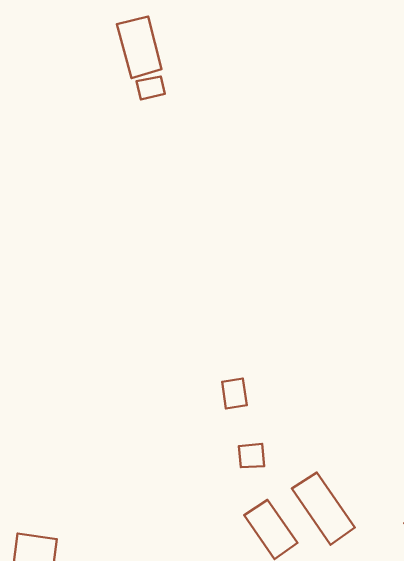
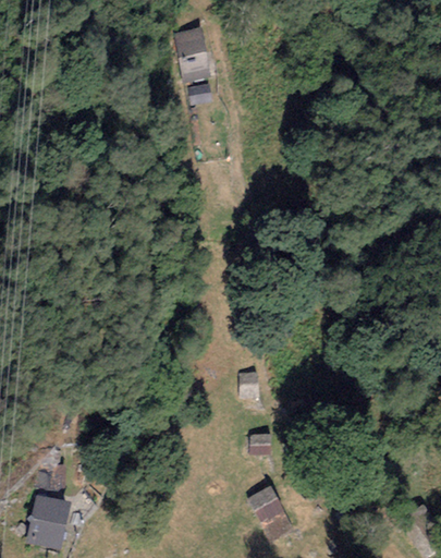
building: [292,472,355,545] -> none

